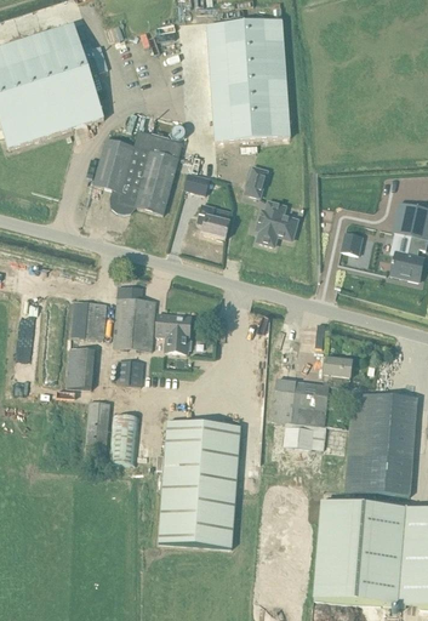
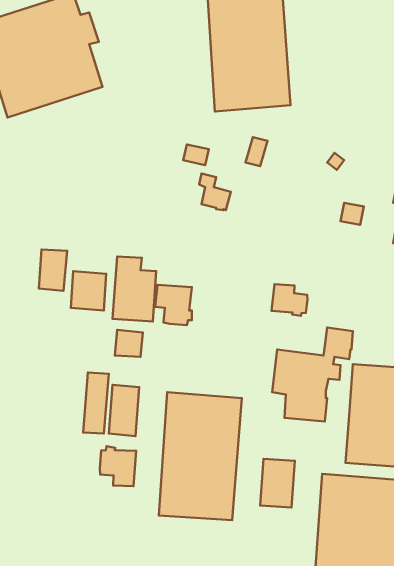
building: [93,131,182,213] -> none
building: [256,201,297,244] -> none
building: none -> [271,284,307,316]
building: [67,347,95,388] -> [39,249,67,291]
building: none -> [100,446,136,486]
building: none -> [260,459,295,507]

